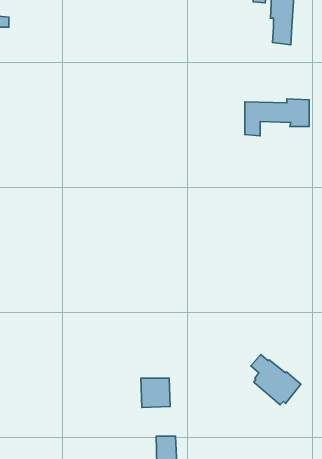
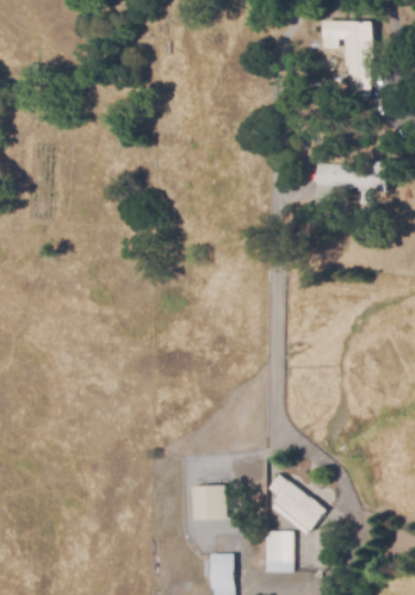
building: [251,355,301,405] -> [268,475,327,533]
building: none -> [265,531,292,572]

